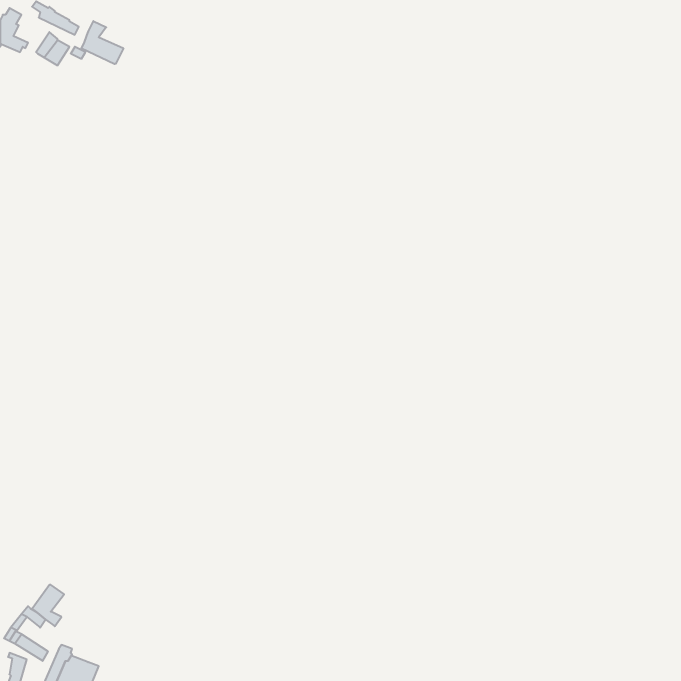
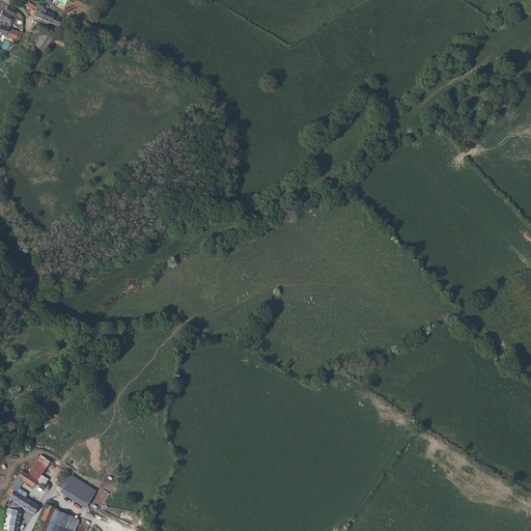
building: [82,21,123,64] -> none
building: none -> [60,474,95,508]

